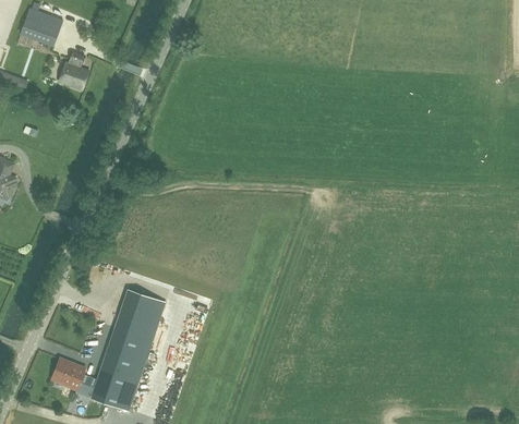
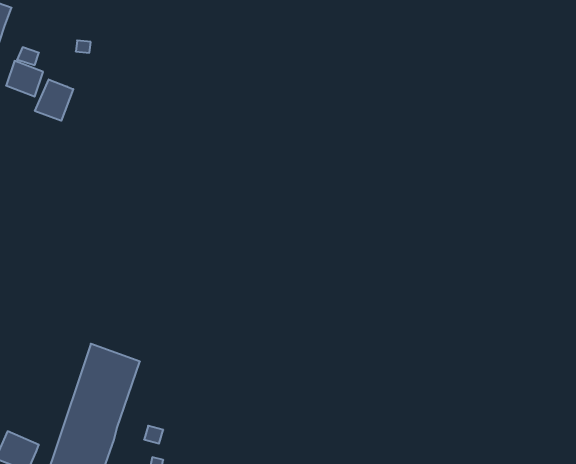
building: none -> [35,79,73,121]

